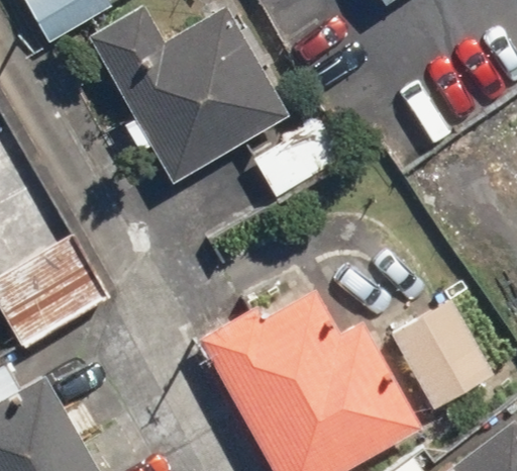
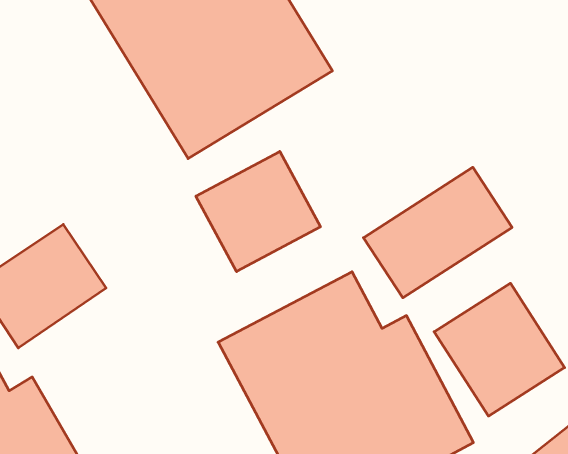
building: none -> [196,151,320,272]
building: none -> [363,167,512,298]

